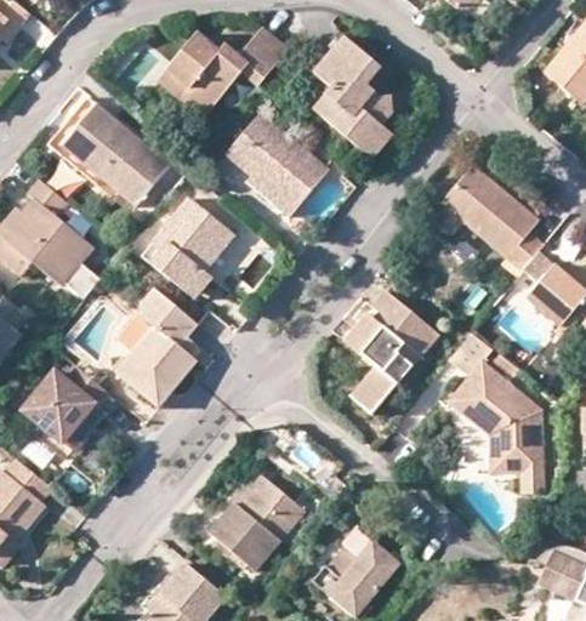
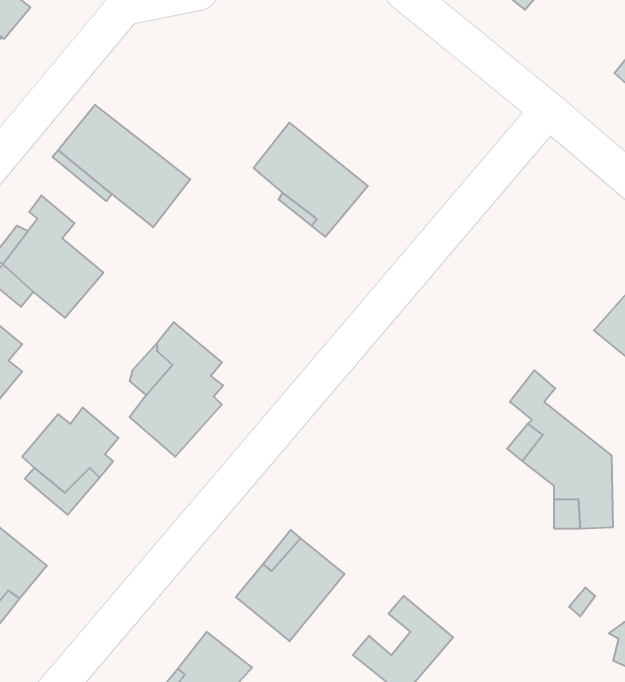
building: [159,28,289,116] -> none
building: [315,38,393,158] -> none
building: [442,165,544,270] -> none
building: [144,199,234,297] -> none
building: [345,291,436,412] -> none

